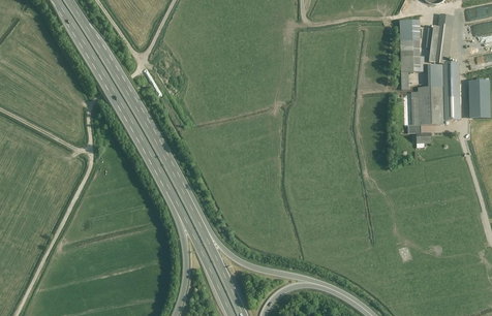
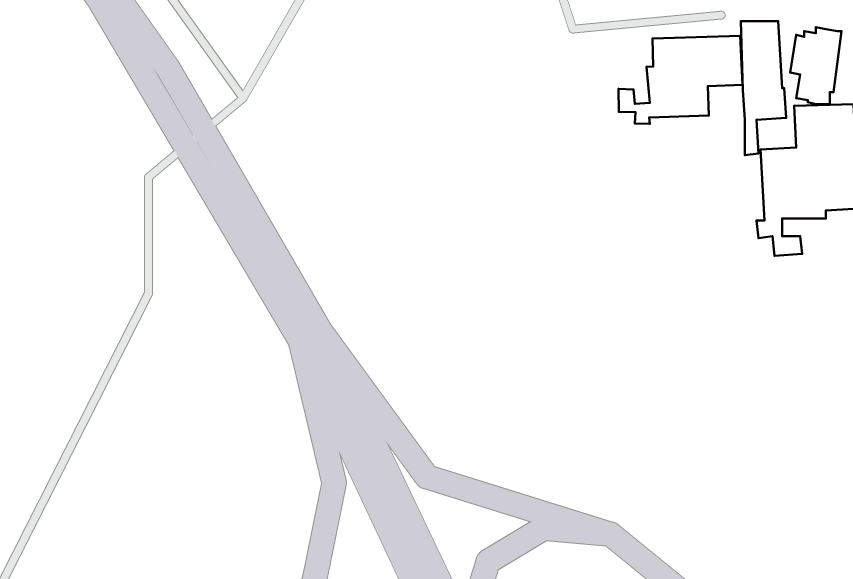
building: none -> [619,36,743,124]

